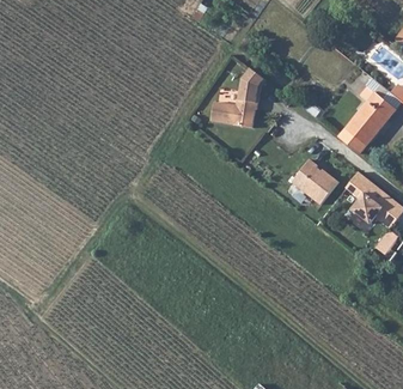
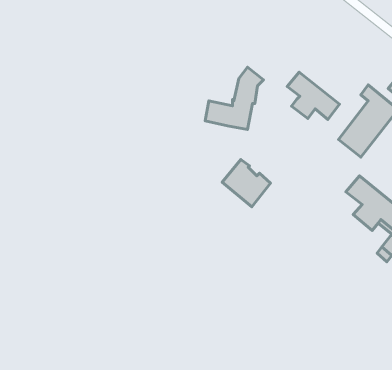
building: none -> [287,72,340,120]
building: [291,160,337,206] -> [222,160,271,207]

